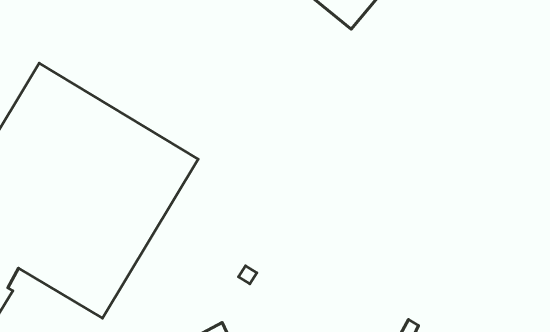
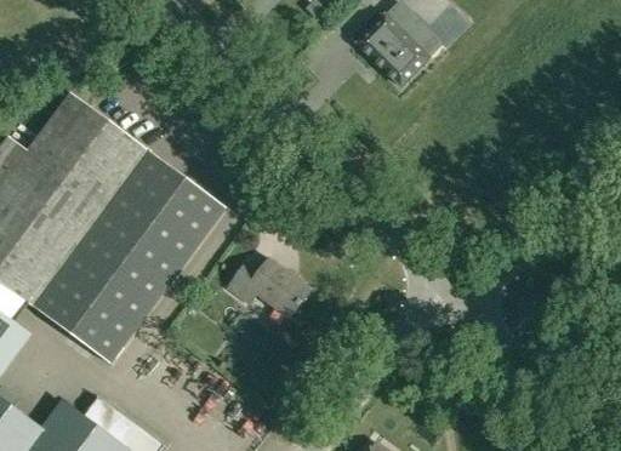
building: none -> [226,257,309,318]

